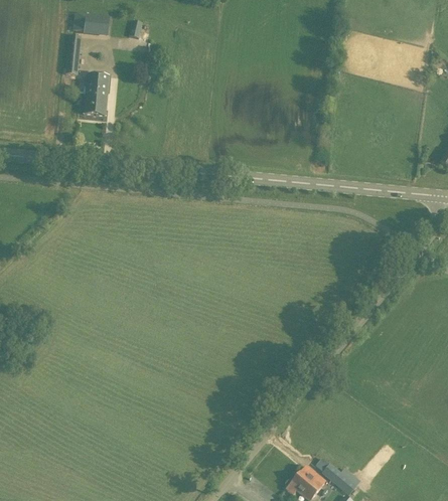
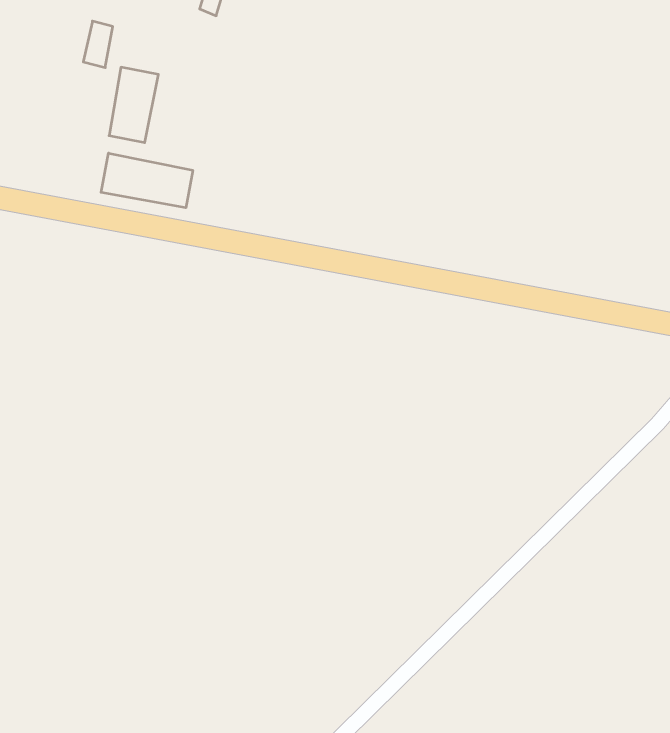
building: none -> [101,153,193,208]

